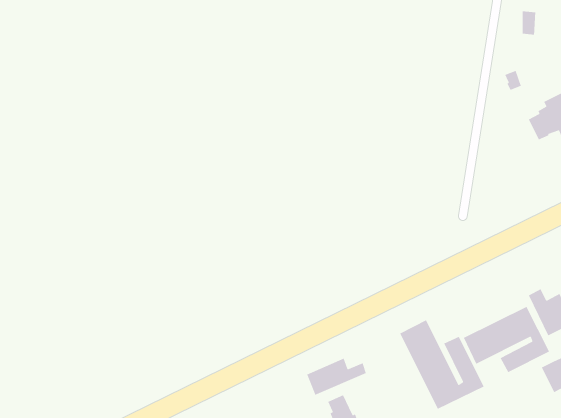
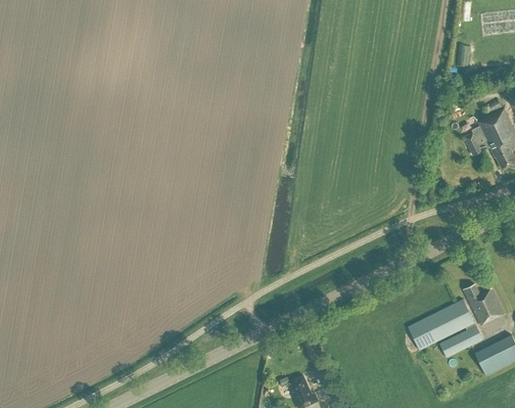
building: [399,319,485,410] -> none
building: [306,357,367,396] -> none

